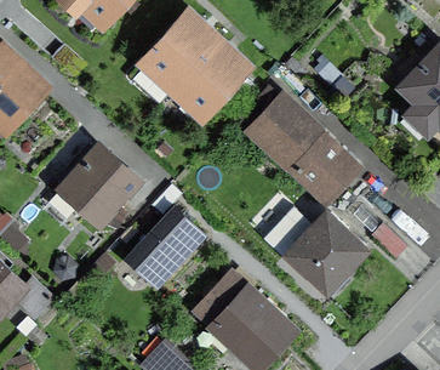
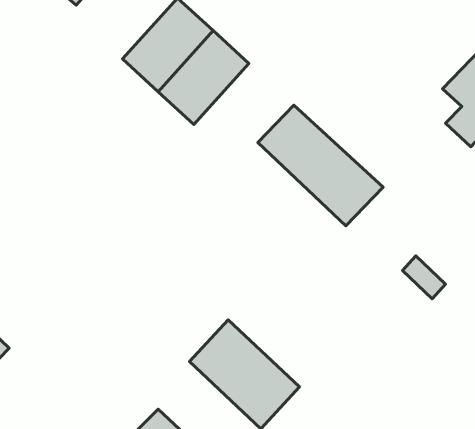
building: [67,152,138,224] -> none
building: [126,206,206,286] -> none
building: [268,216,364,289] -> none

